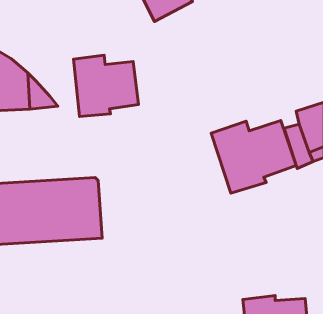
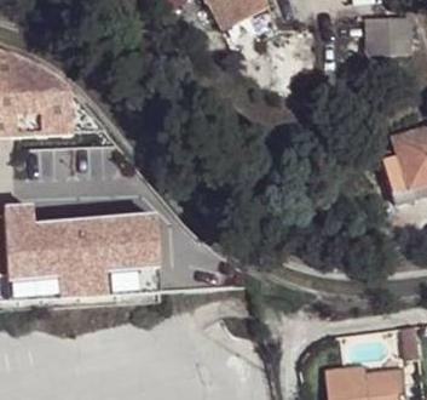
building: none -> [367,16,410,50]
building: [73,55,138,117] -> none
building: [211,120,296,193] -> none

